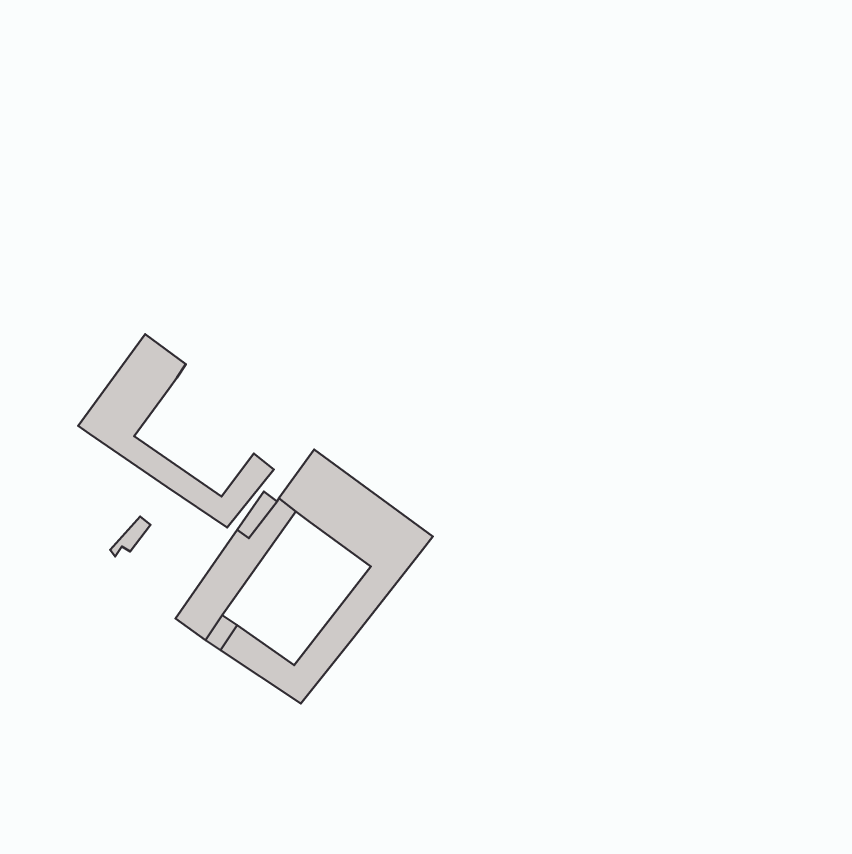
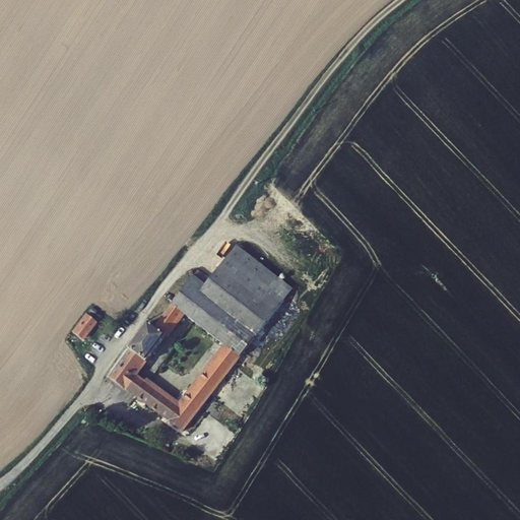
building: [78,334,274,527] -> none
building: none -> [192,240,294,326]

